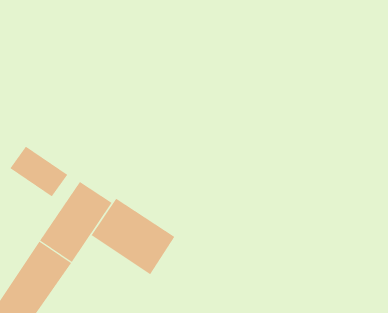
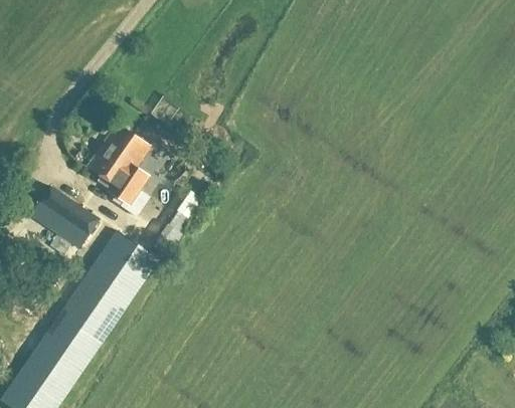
building: none -> [84,125,148,206]
building: [91,198,175,275] -> none

